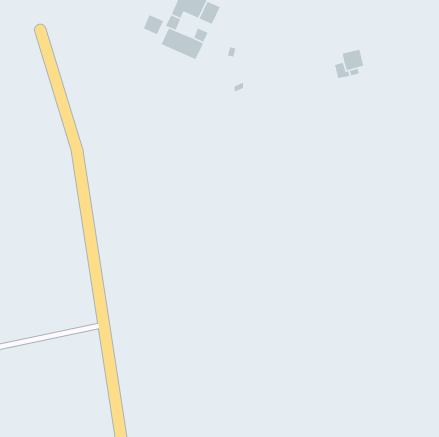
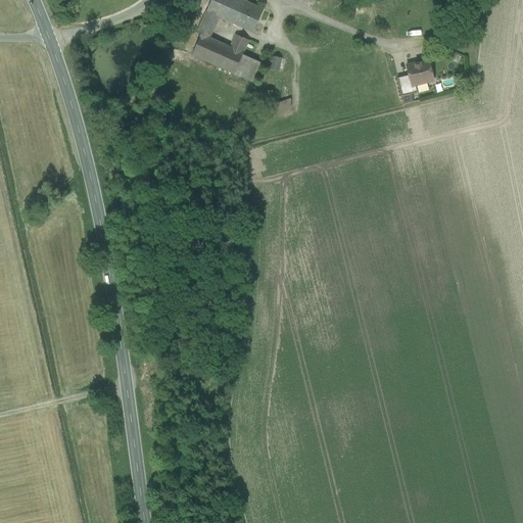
building: [143,14,164,35] -> none
building: none -> [233,53,260,80]

